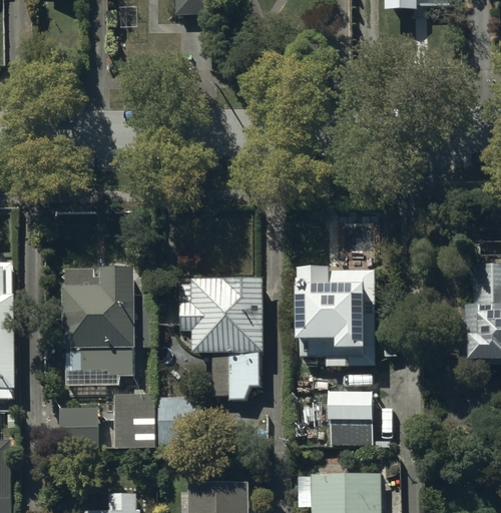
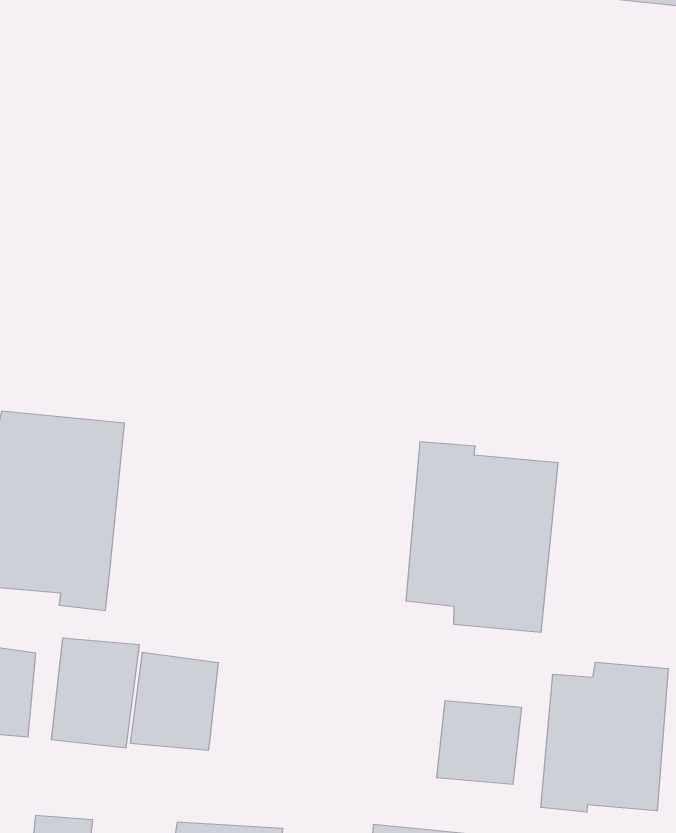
building: [176,277,262,352] -> none
building: [208,357,258,400] -> none
building: none -> [541,662,668,812]

